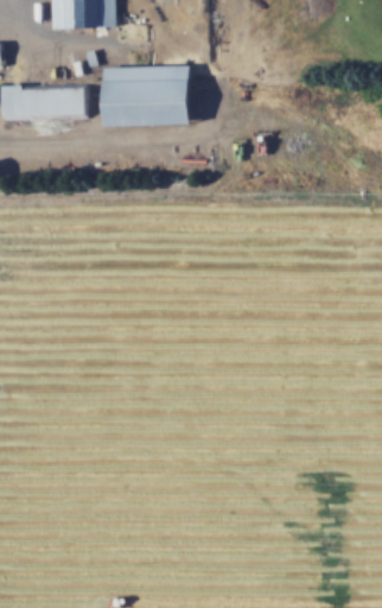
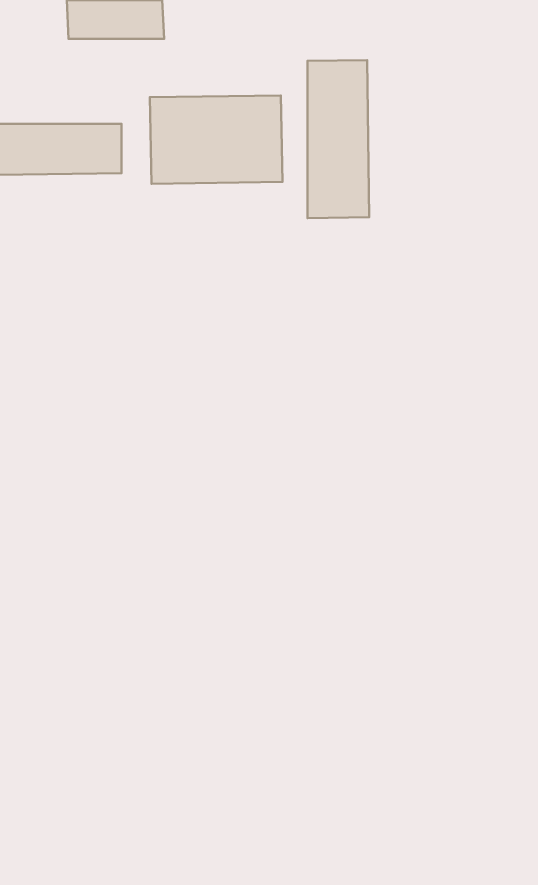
building: none -> [307,60,369,218]

